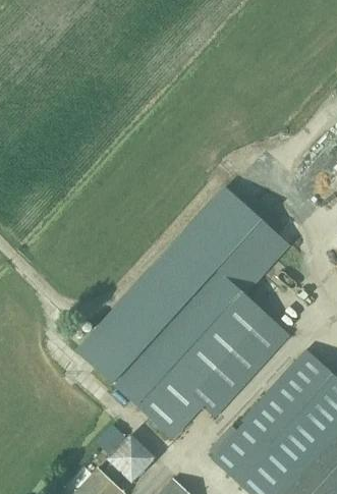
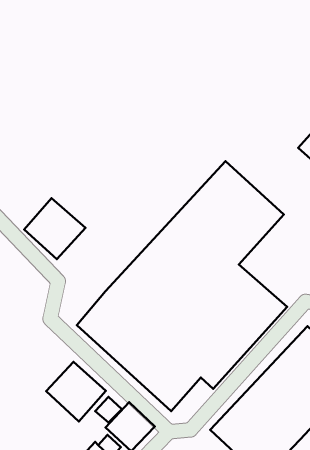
building: none -> [24,198,85,259]
building: none -> [46,362,106,421]

